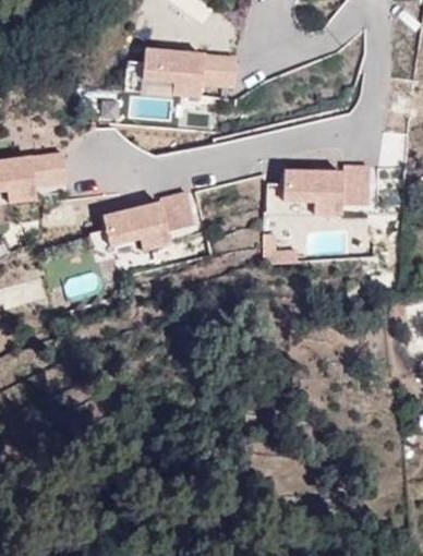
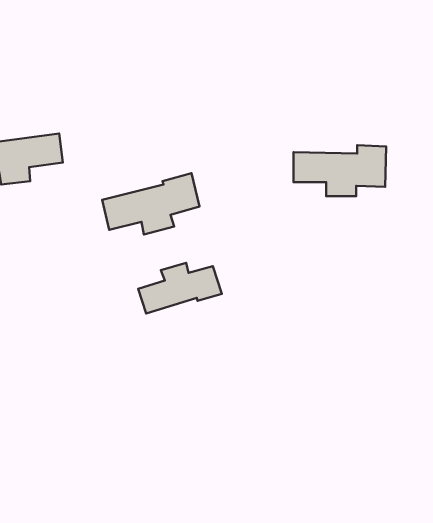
building: [142,50,237,95] -> none
building: none -> [138,263,222,314]

